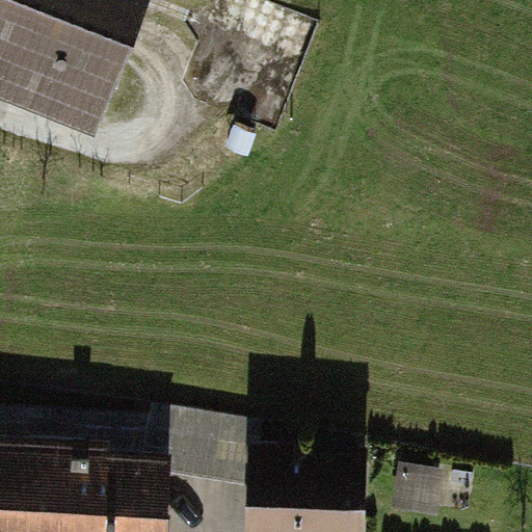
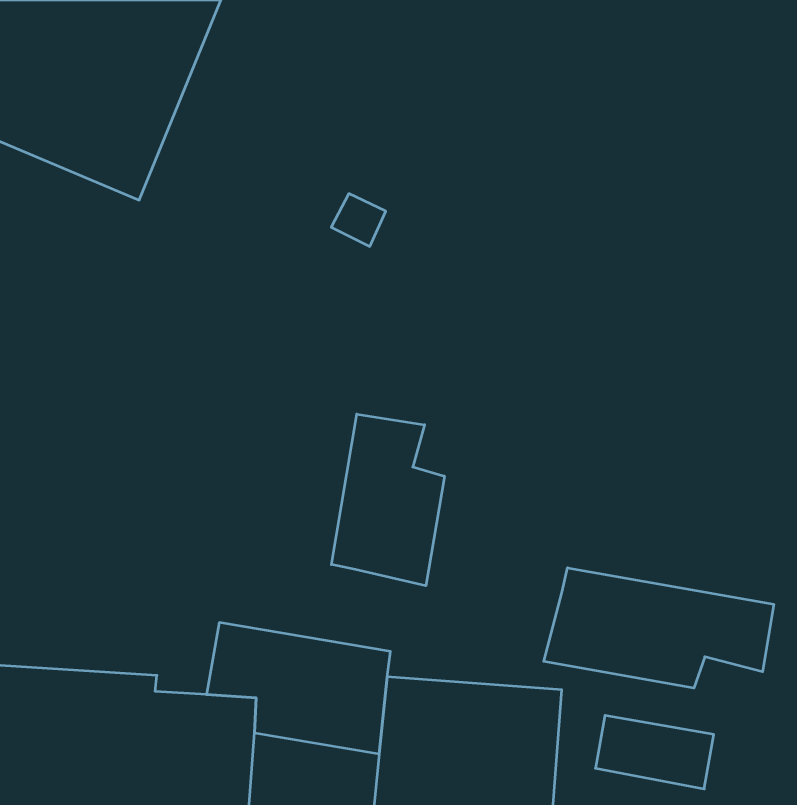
building: none -> [331,414,444,586]
building: none -> [544,568,774,688]

